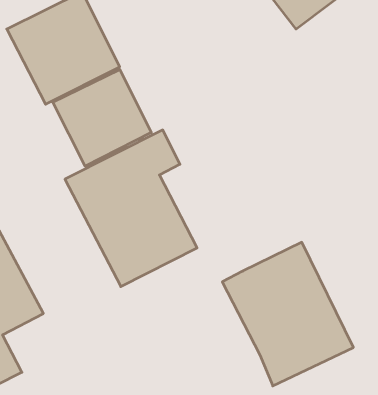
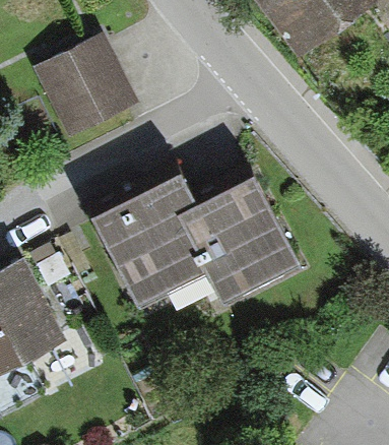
building: [53,69,151,166] -> none
building: [222,242,353,386] -> [176,167,300,303]

